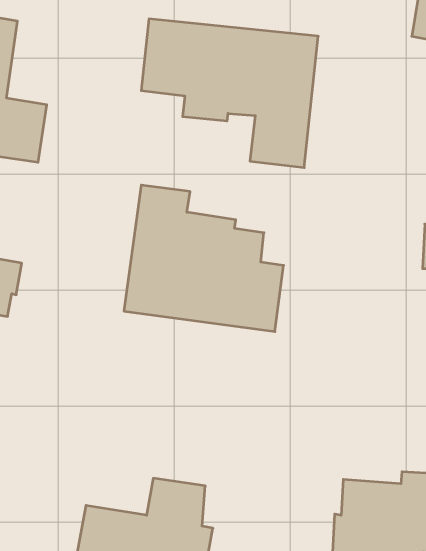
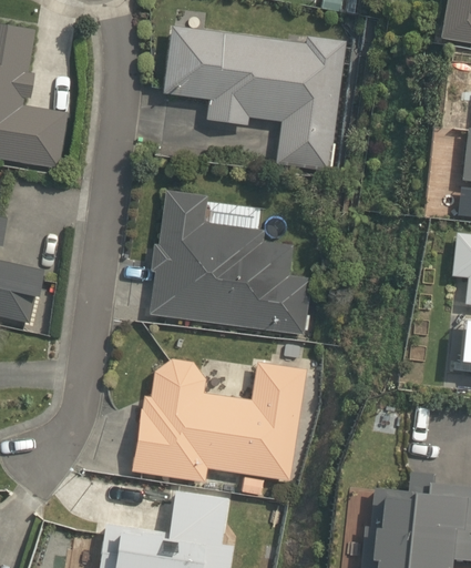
building: none -> [131,358,306,496]

